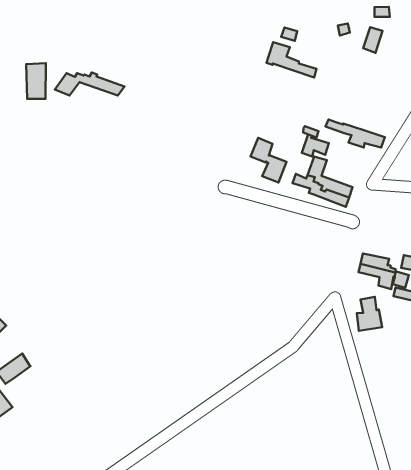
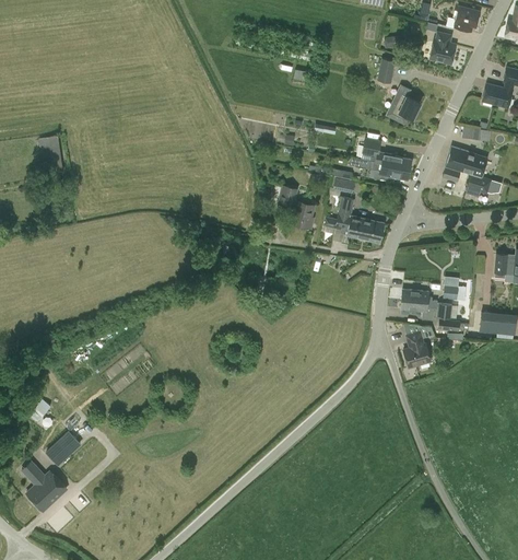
building: [266,42,316,77] -> [361,138,412,168]
building: none -> [386,93,421,125]
building: [55,73,124,96] -> none

